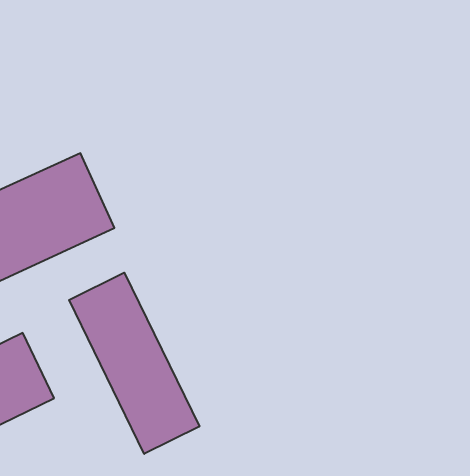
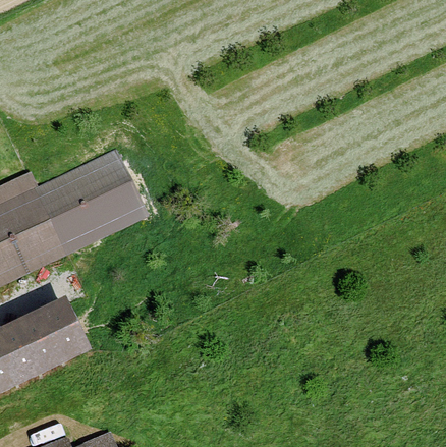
building: [69,273,199,454] -> none

